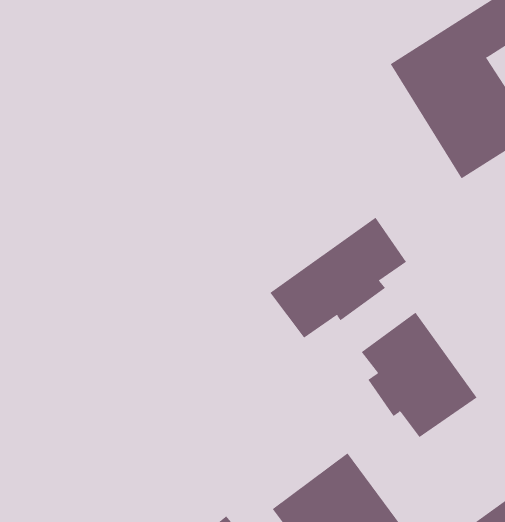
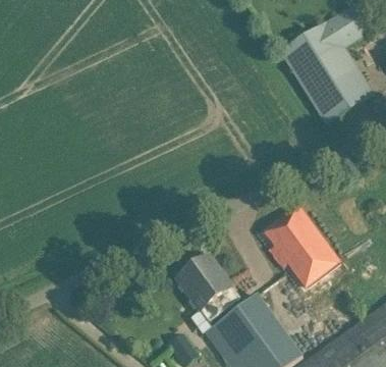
building: [270,217,407,339] -> none
building: none -> [179,255,240,320]

